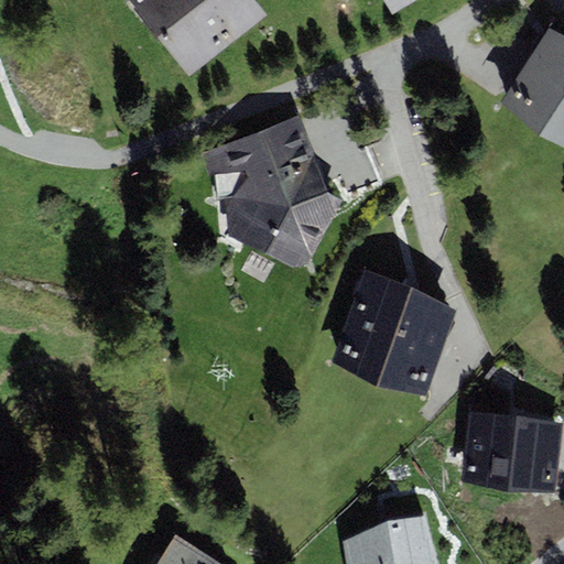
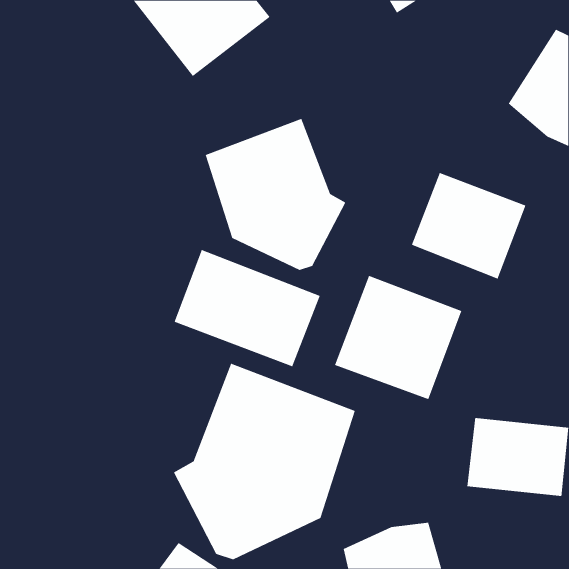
building: none -> [411,172,526,279]
building: none -> [174,249,320,367]
building: none -> [173,363,356,560]

